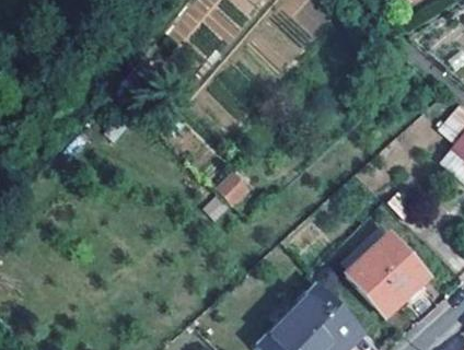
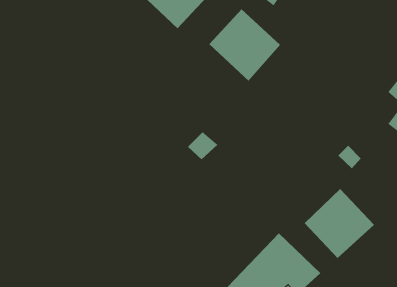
building: none -> [208,8,281,82]

